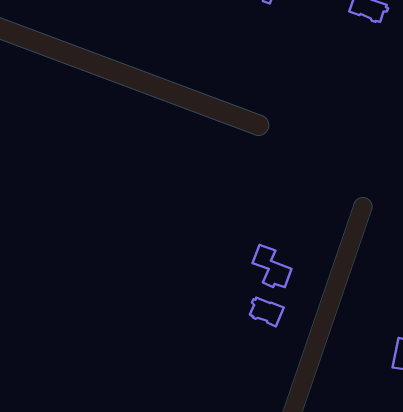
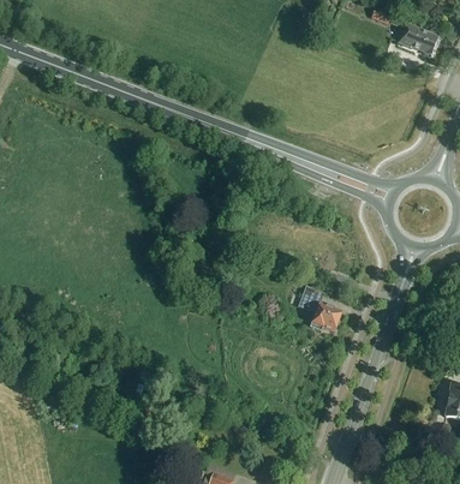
building: [250,297,284,326] -> none

